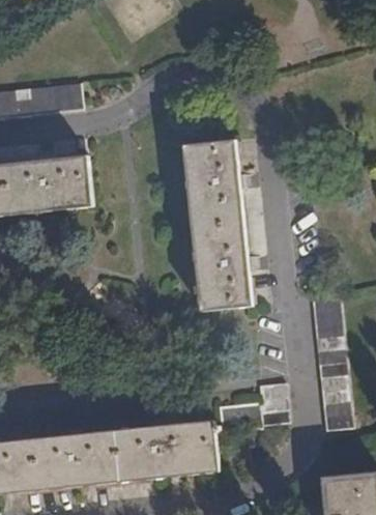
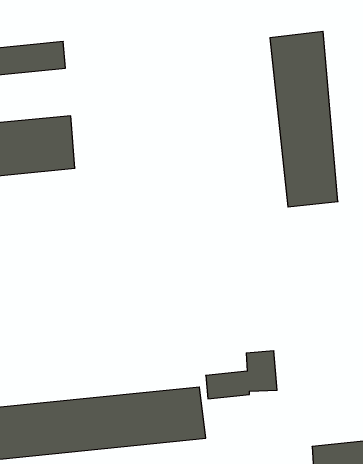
building: [183,141,250,312] -> [270,31,338,207]
building: [311,297,352,432] -> none

